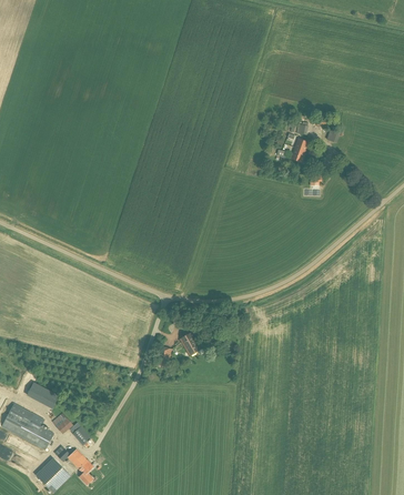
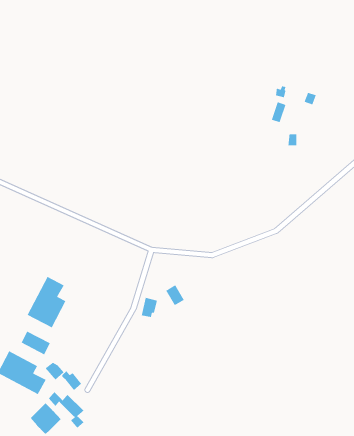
building: none -> [26,276,67,329]

